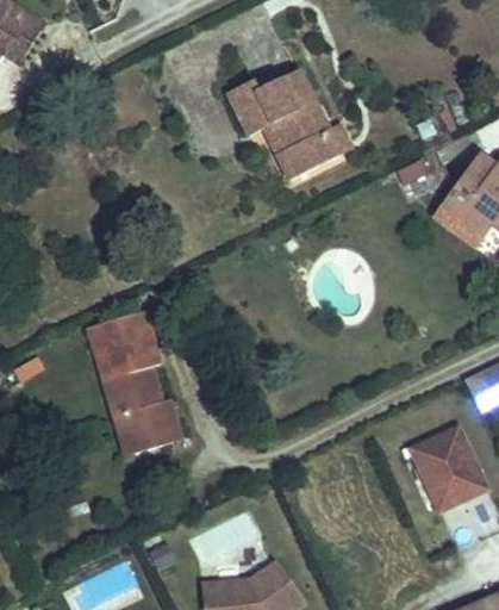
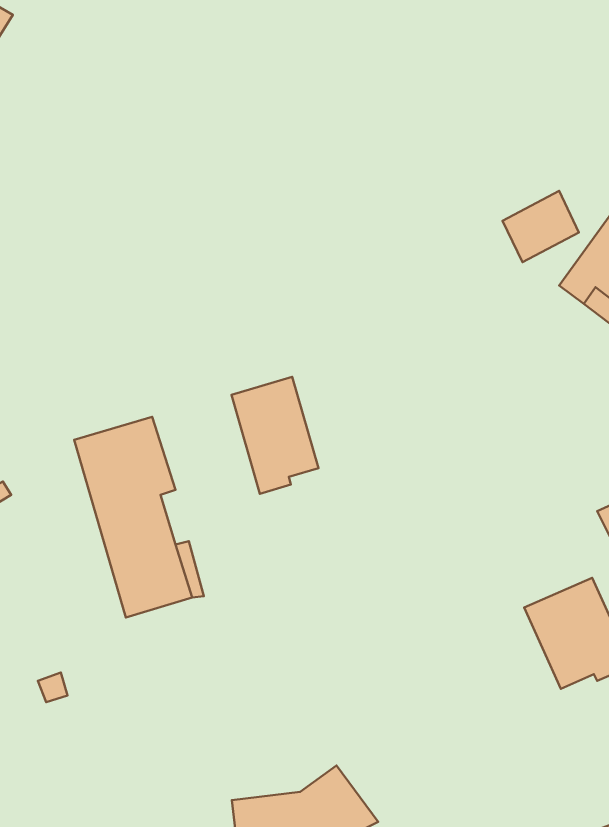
building: [225,69,341,183] -> none
building: none -> [231,377,319,494]

